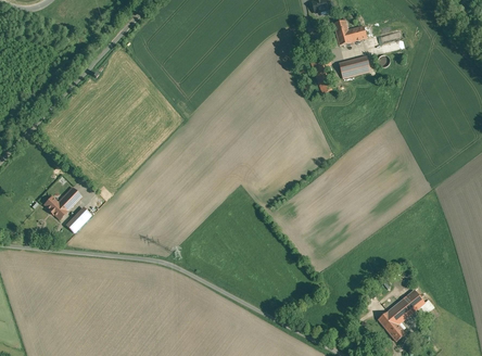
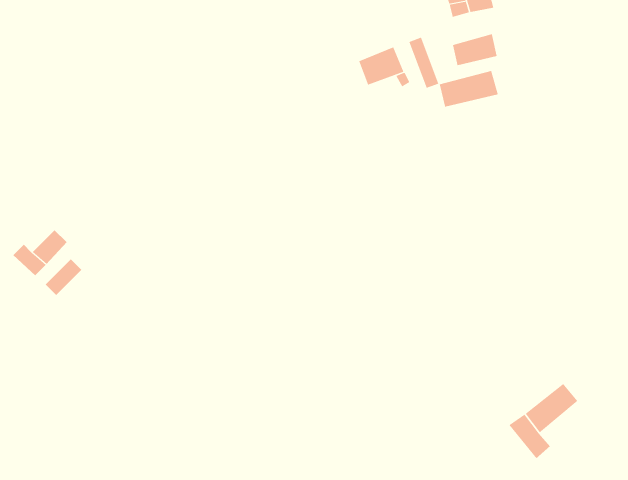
building: none -> [359,47,404,85]
building: none -> [439,70,499,107]

